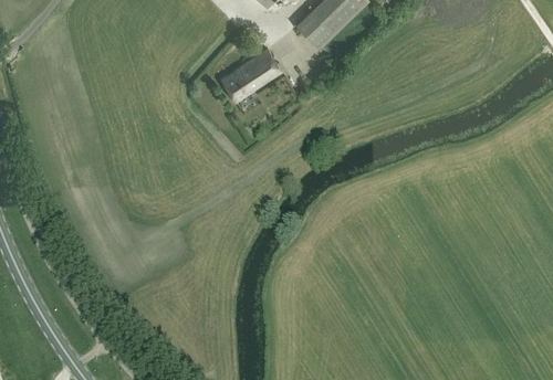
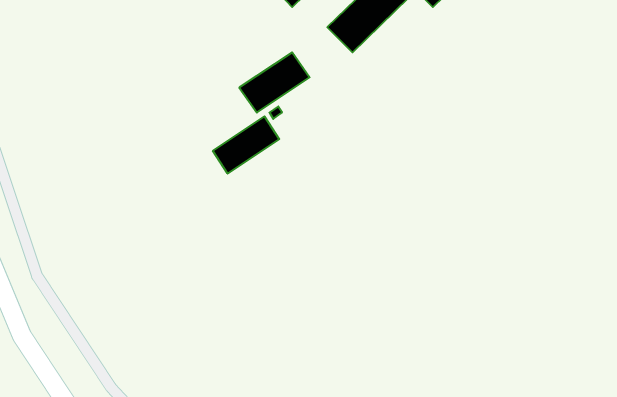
building: none -> [213,116,279,174]

